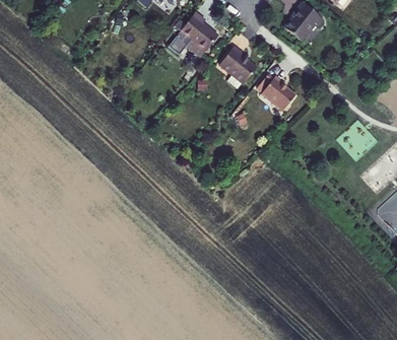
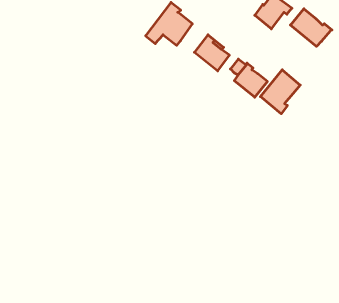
building: none -> [290,9,332,46]
building: none -> [260,70,300,114]

